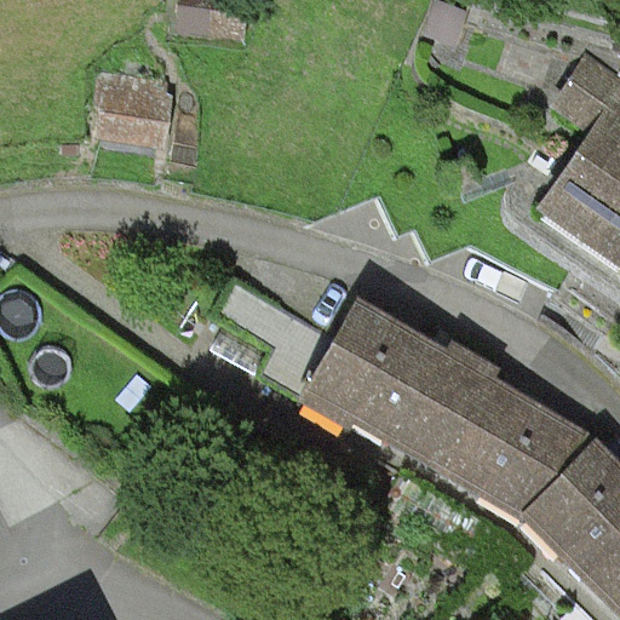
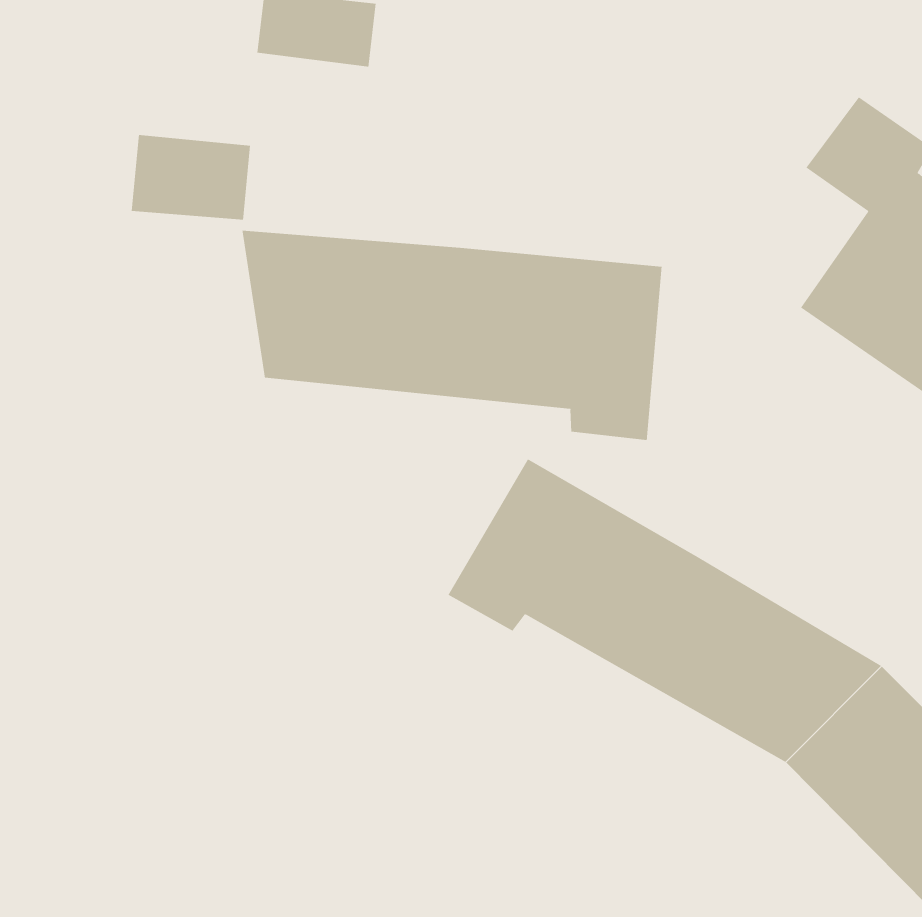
building: none -> [242,230,662,441]

